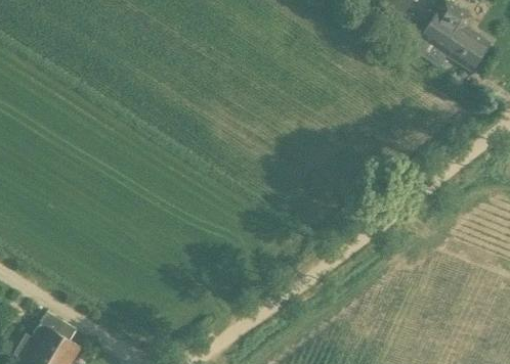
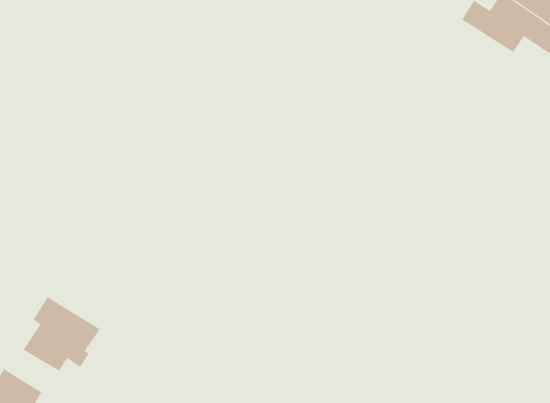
building: none -> [23,297,101,372]

